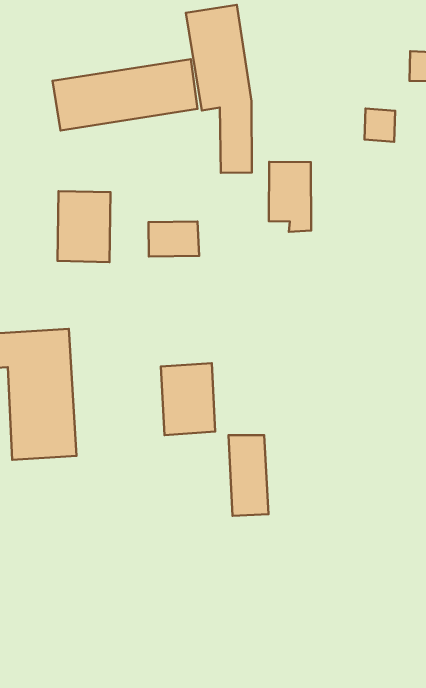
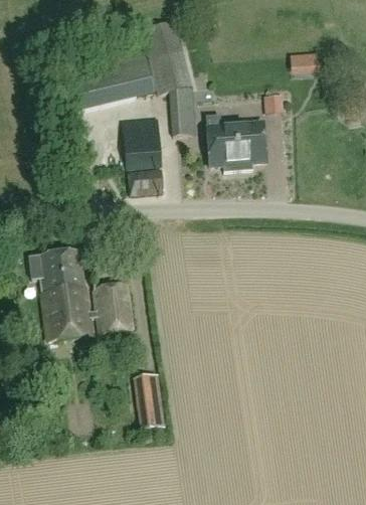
building: none -> [233,122,264,170]
building: [57,191,110,262] -> [122,119,160,168]
building: [161,363,215,435] -> [91,283,132,334]
building: [229,435,268,516] -> [134,373,165,430]

